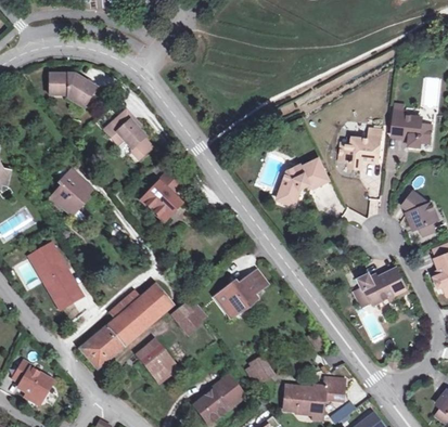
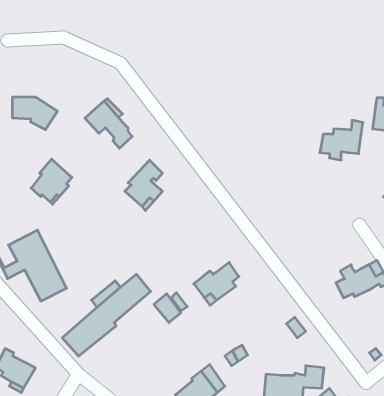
building: [50,72,95,104] -> [12,97,57,130]
building: [276,157,329,204] -> none
building: [136,338,177,381] -> none

